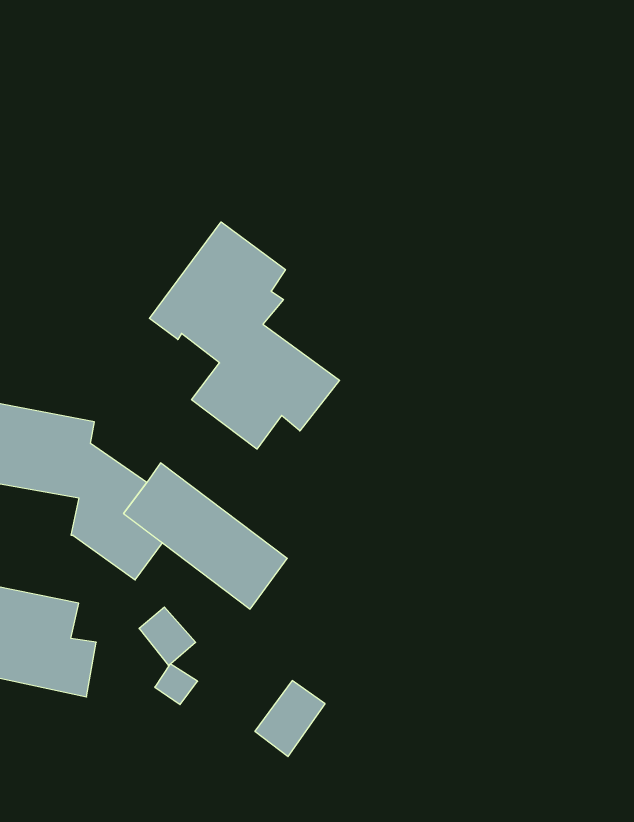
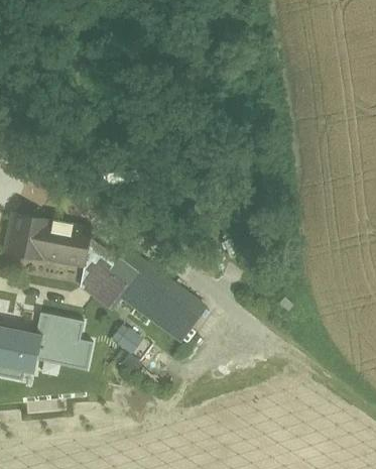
building: [149,222,340,449] -> none
building: [255,681,325,757] -> [169,299,206,338]

